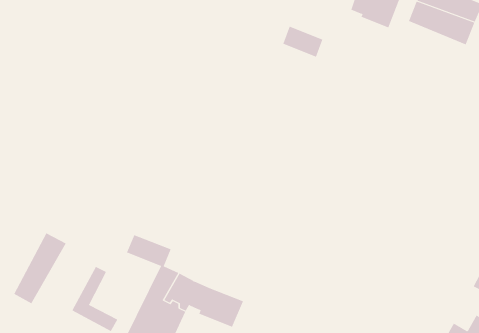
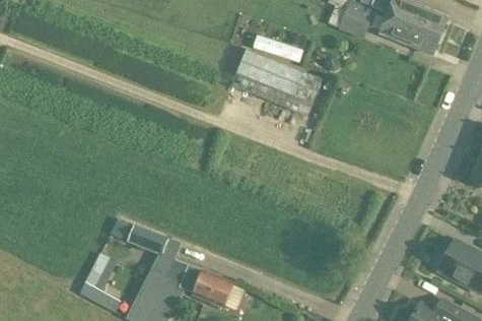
building: none -> [231,49,322,115]
building: [14,232,66,304] -> none

